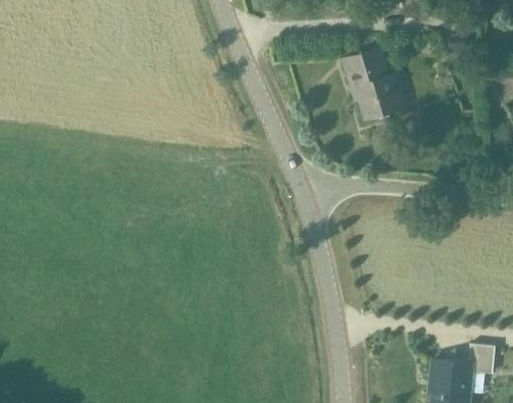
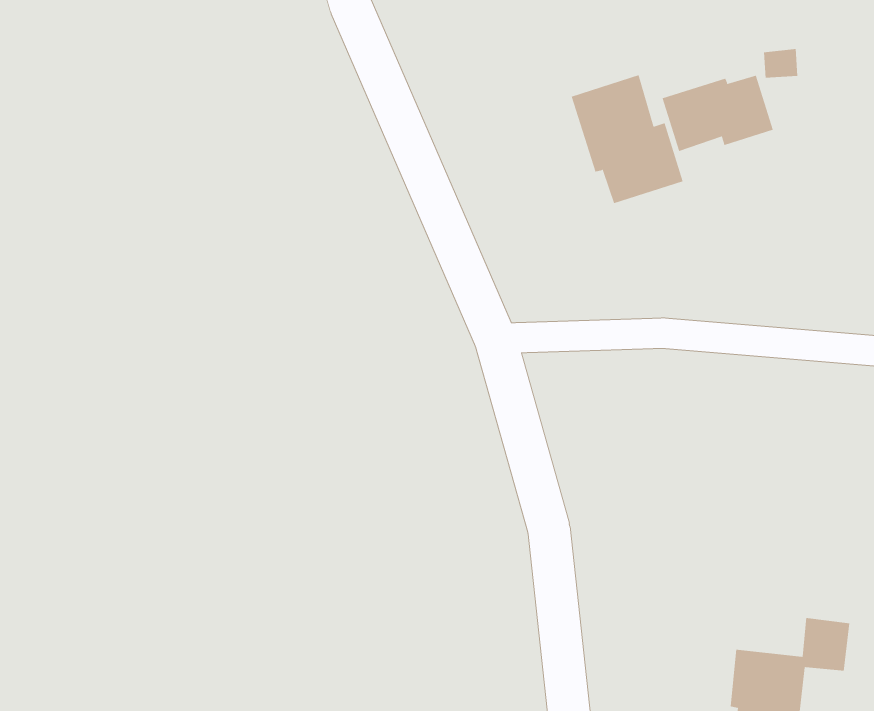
building: none -> [662,75,774,152]

